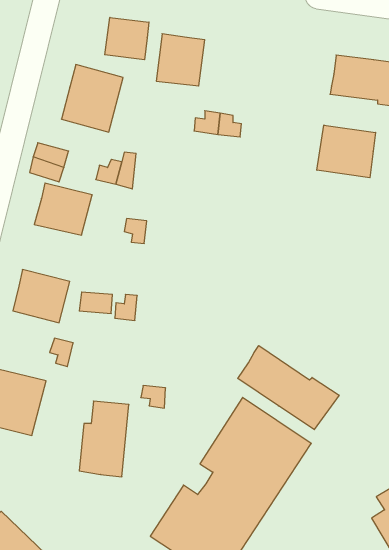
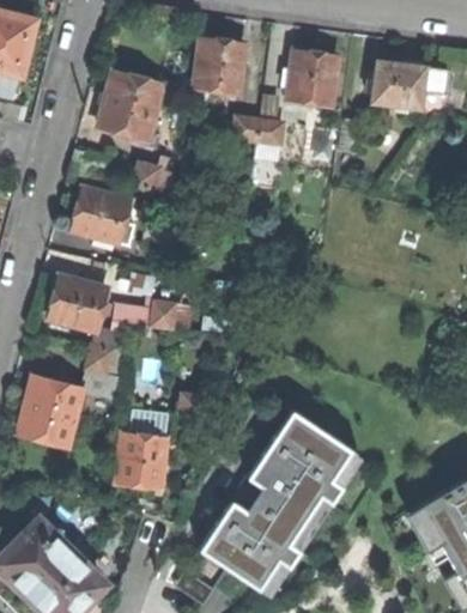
building: [105,17,149,60] -> none
building: none -> [287,51,336,104]
building: [317,125,376,178] -> none
building: [238,346,339,430] -> none

